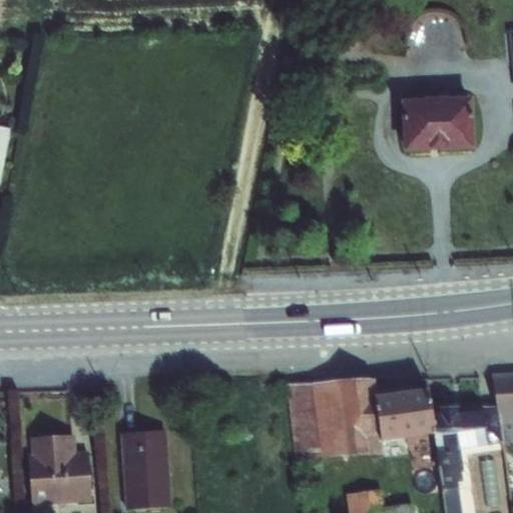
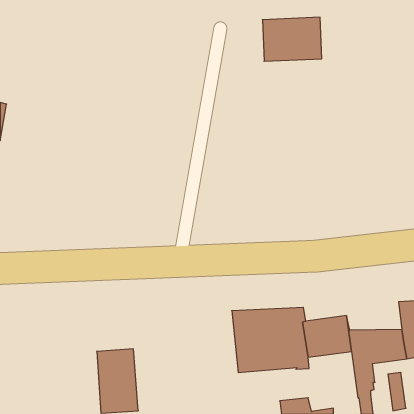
building: [402,97,475,151] -> [262,17,322,61]
building: [29,435,92,504] -> none

